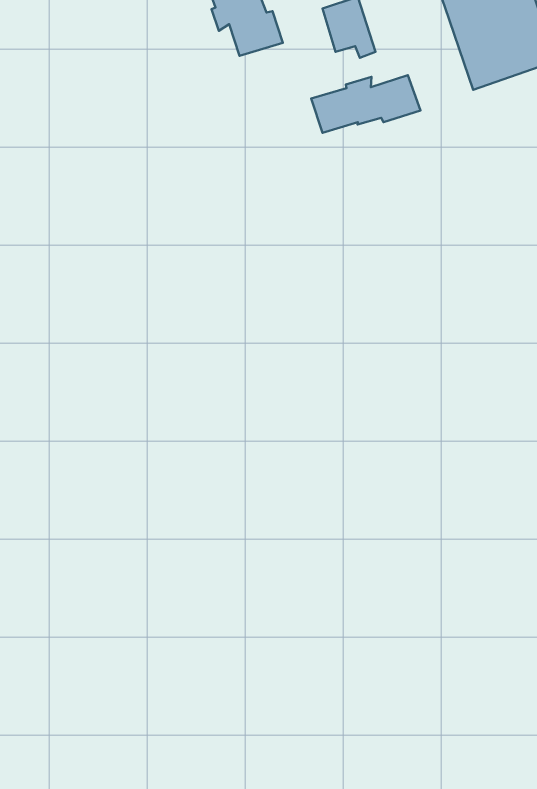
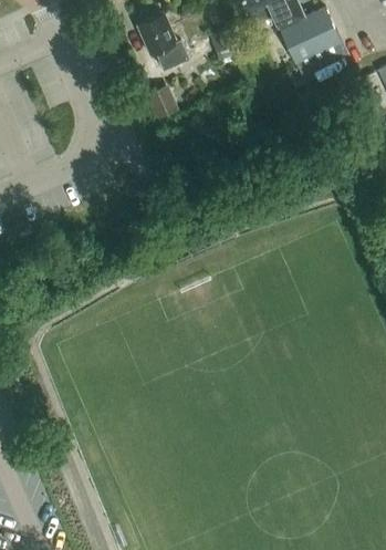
building: [311,75,420,133] -> none
building: none -> [147,85,178,118]

